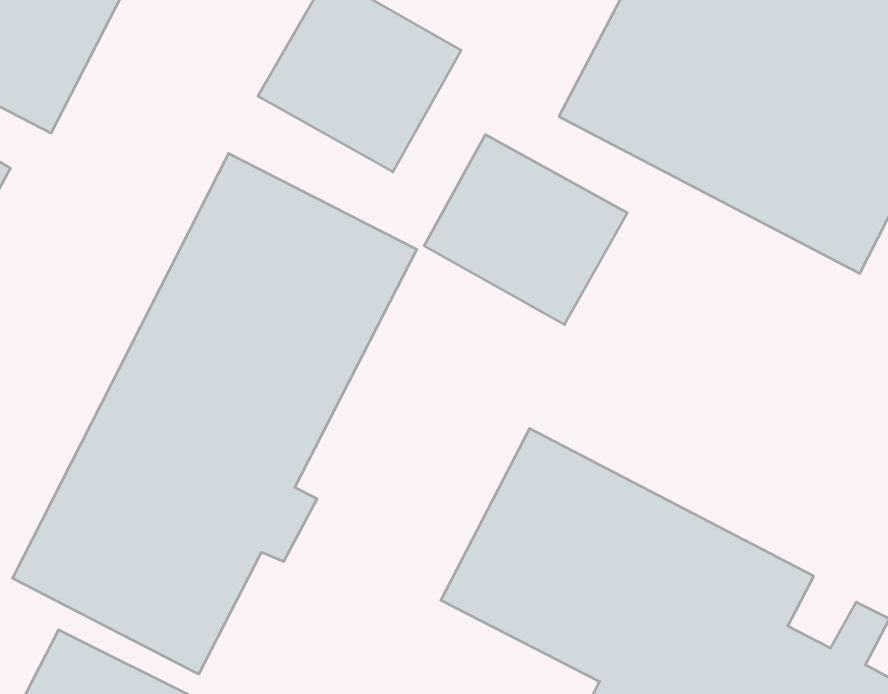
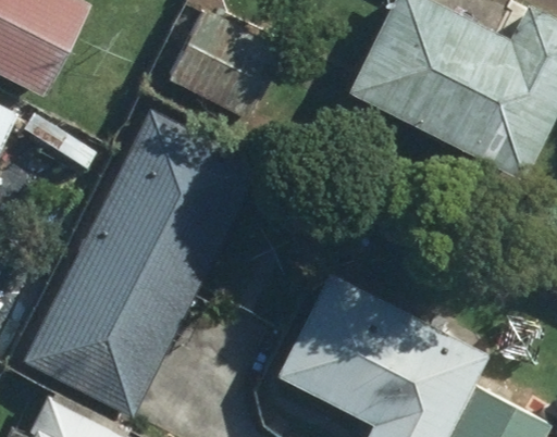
building: [424,135,627,325] -> none

